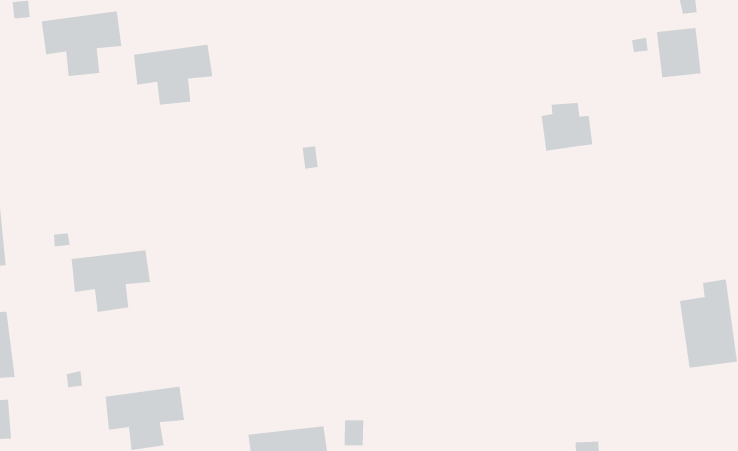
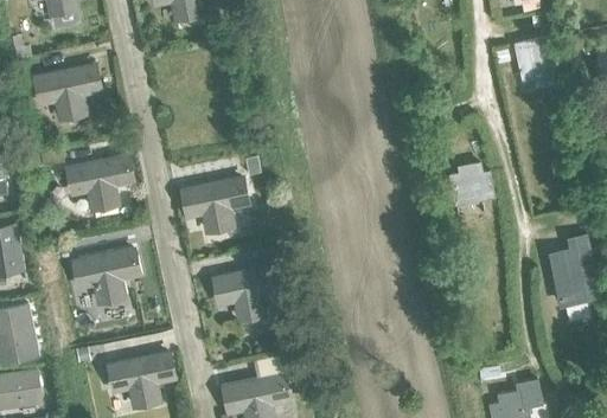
building: [133,44,213,105] -> [66,155,130,206]
building: [541,102,593,151] -> [449,163,492,204]
building: none -> [181,178,244,230]
building: none -> [213,265,277,319]

